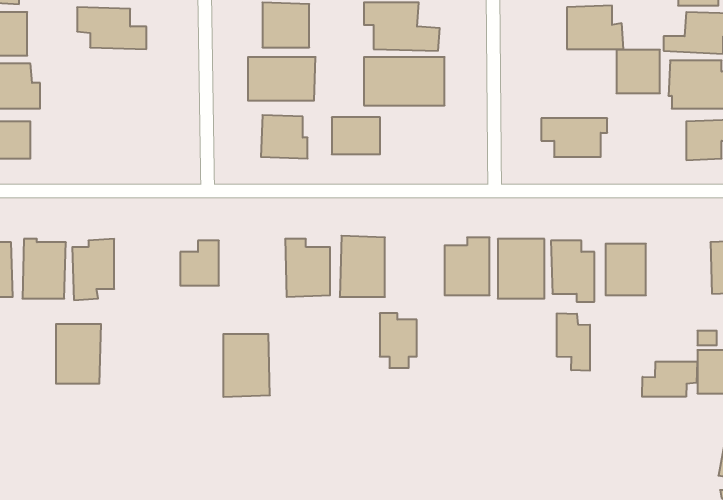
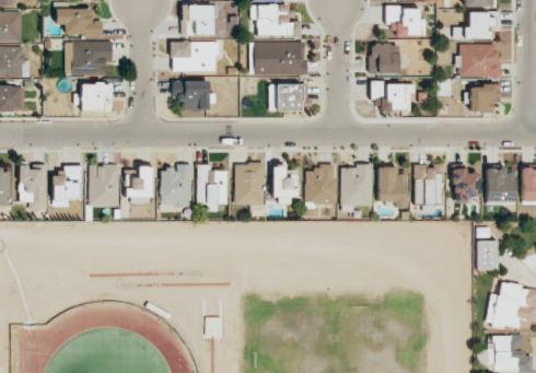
building: [616,50,660,93] -> [369,44,398,73]
building: none -> [65,42,112,73]
building: [332,117,380,154] -> [268,84,301,109]
building: none -> [80,84,110,109]
building: none -> [452,168,479,202]
building: [380,313,417,368] -> [271,166,296,203]
building: [557,313,590,371] -> none
building: [56,324,101,384] -> [89,165,119,206]
building: [223,334,270,397] -> [160,166,191,209]
building: [642,361,697,397] -> none

